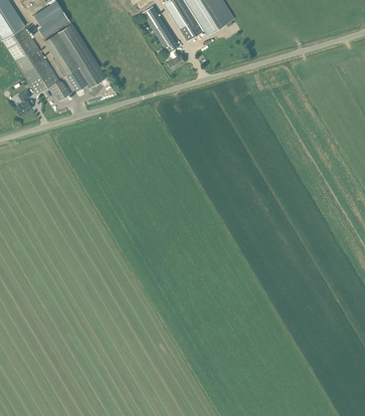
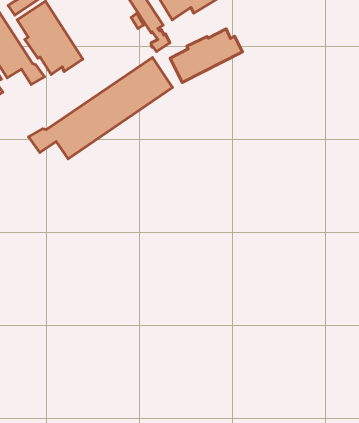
building: none -> [170,29,242,82]
building: none -> [28,57,173,159]

